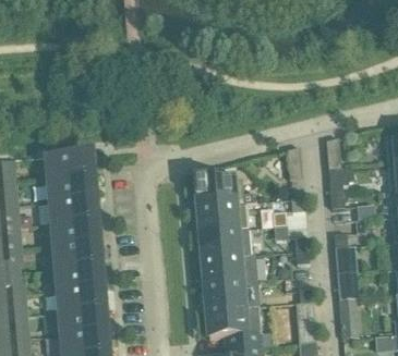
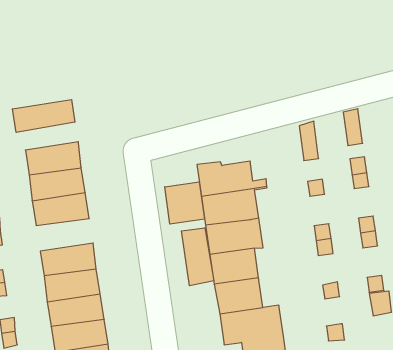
building: none -> [13,100,75,132]
building: none -> [165,182,205,224]
building: [51,217,100,243] -> none
building: none -> [181,228,214,286]

